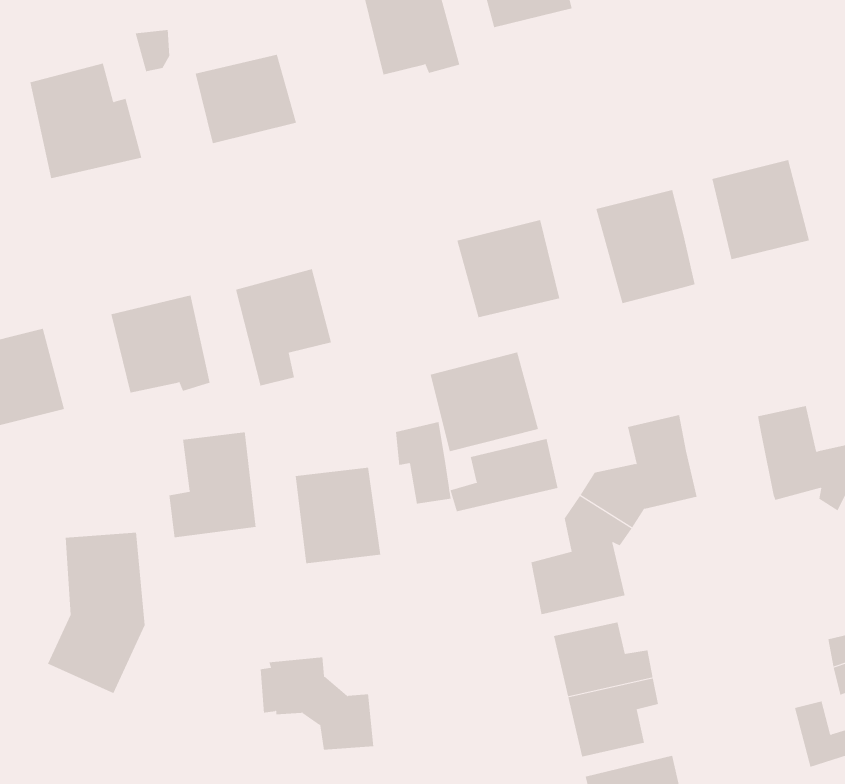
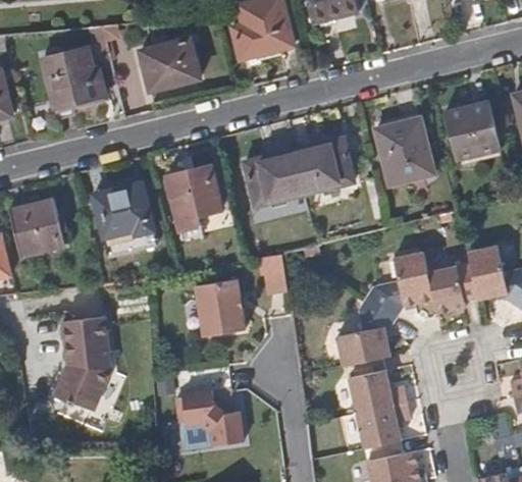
building: [430,352,539,452] -> [242,149,305,207]
building: [169,432,256,538] -> none
building: none -> [426,261,476,314]
building: [450,438,558,512] -> none

